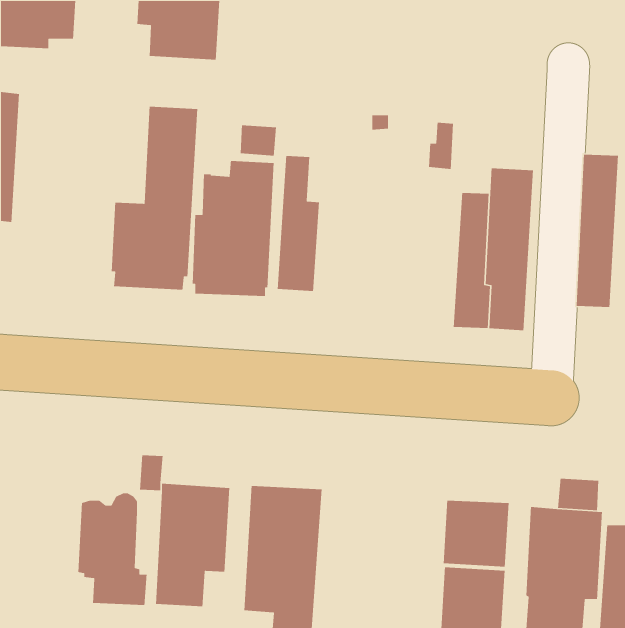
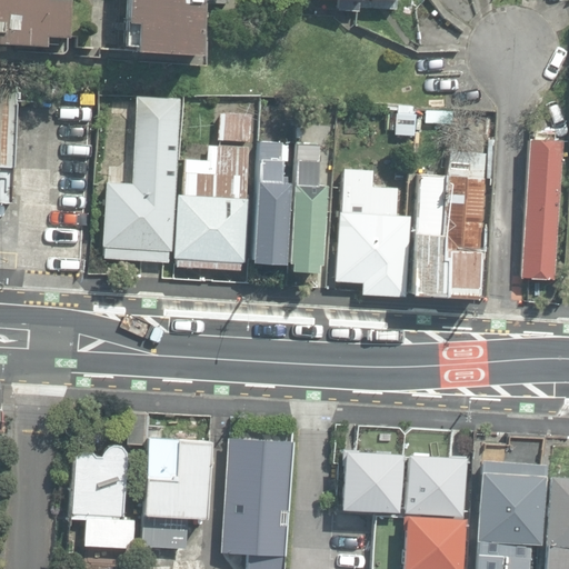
building: none -> [290,143,327,274]
building: none -> [336,169,415,296]
building: none -> [341,448,400,509]

